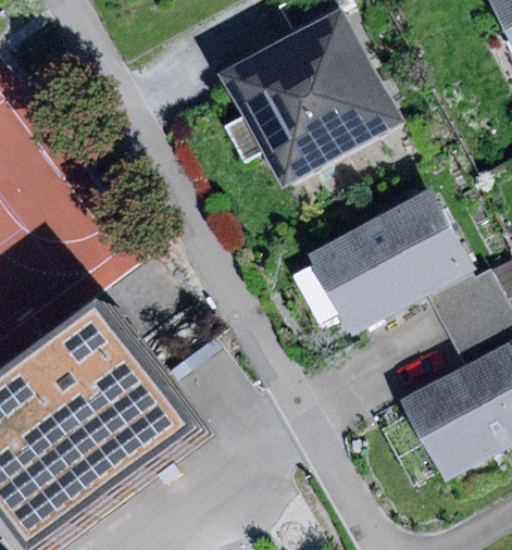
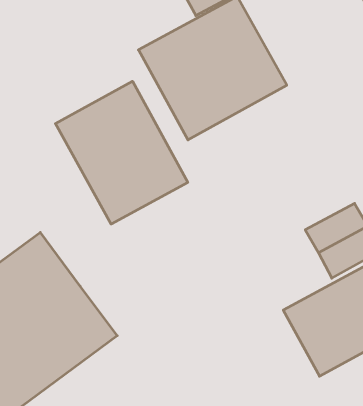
building: none -> [55,81,188,224]
building: [310,187,473,330] -> none

